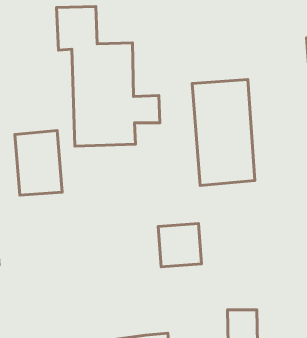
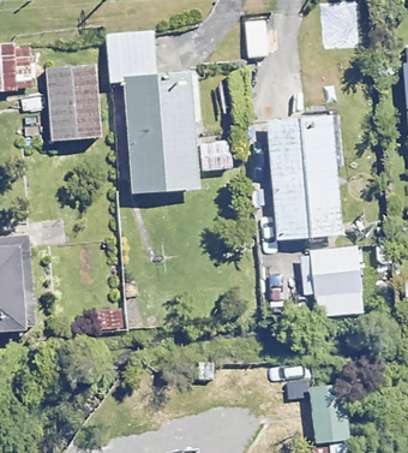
building: [15,131,62,195] -> [46,64,102,141]
building: [158,223,202,267] -> [308,245,360,297]

